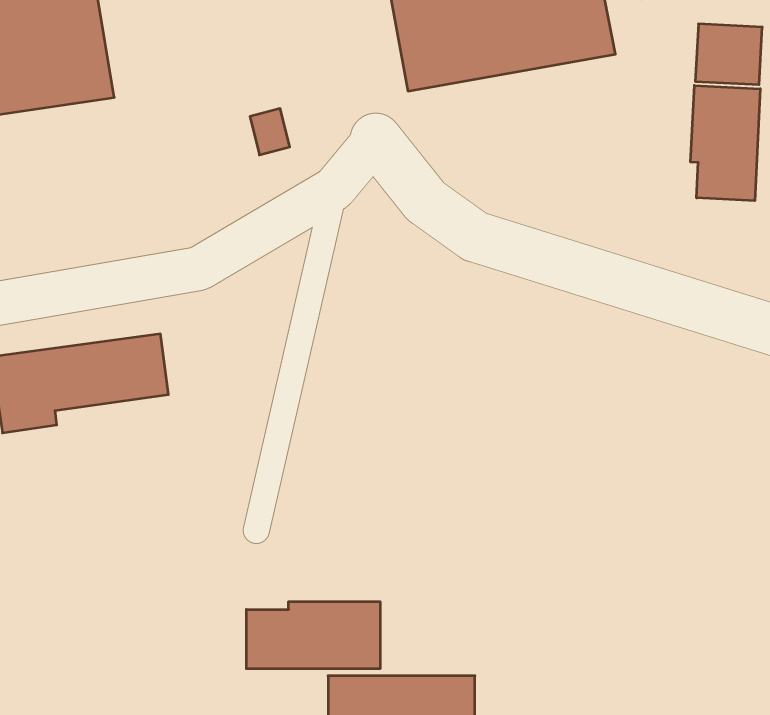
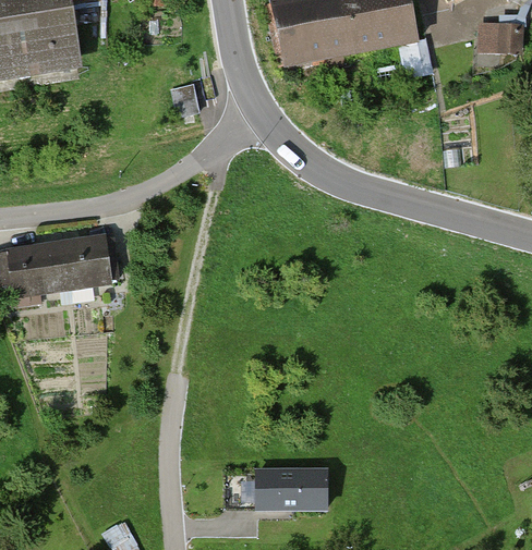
building: [691,85,760,201] -> none
building: [246,602,380,669] -> none

